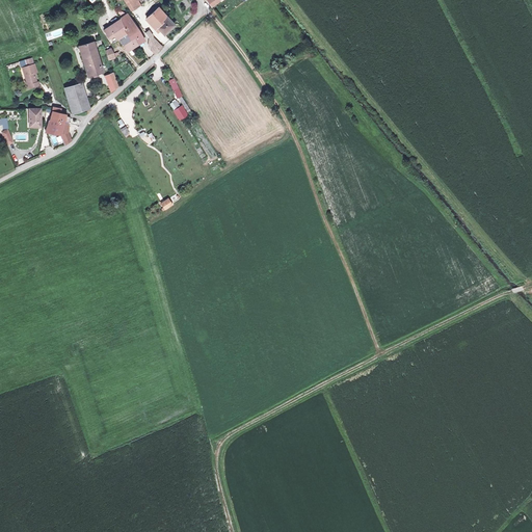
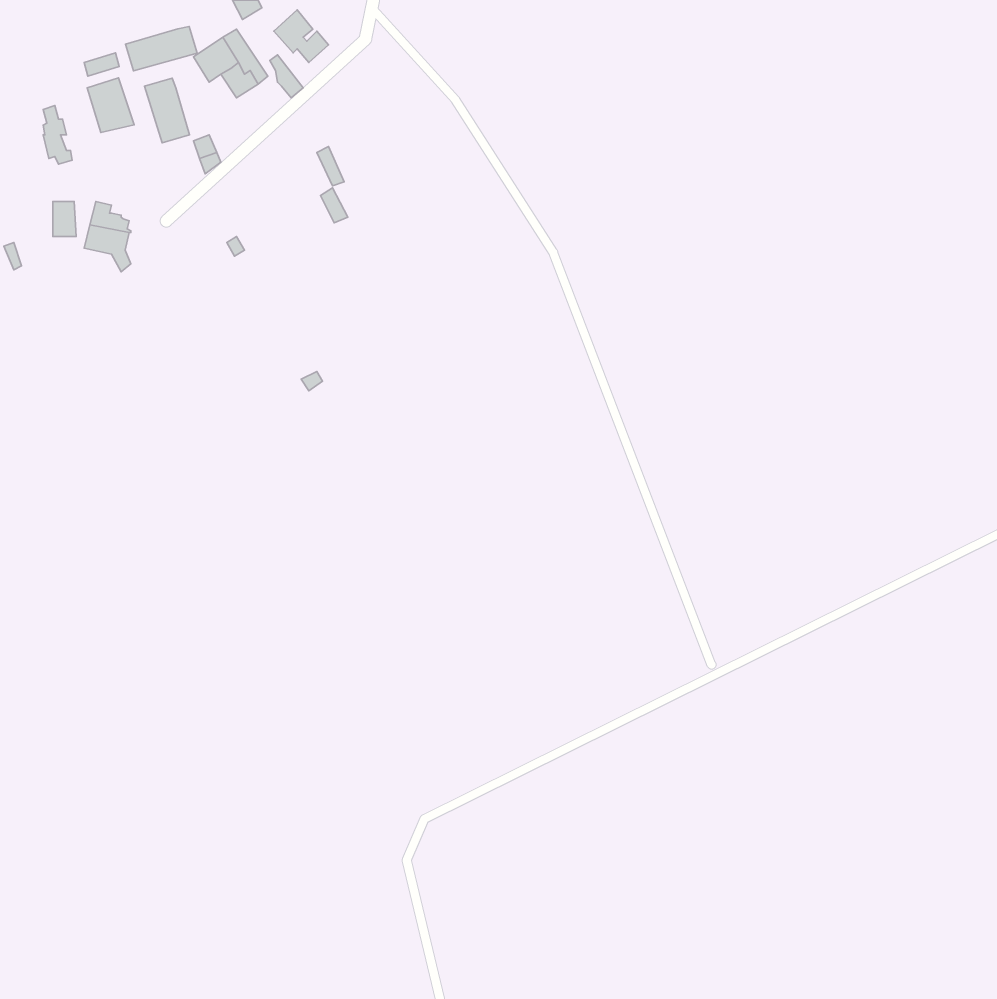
building: none -> [125,27,197,71]
building: [64,83,89,112] -> [87,78,134,133]

